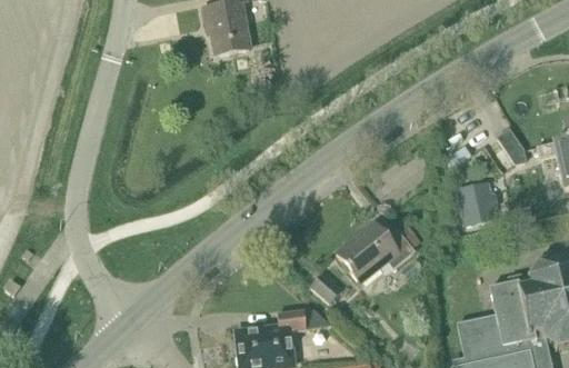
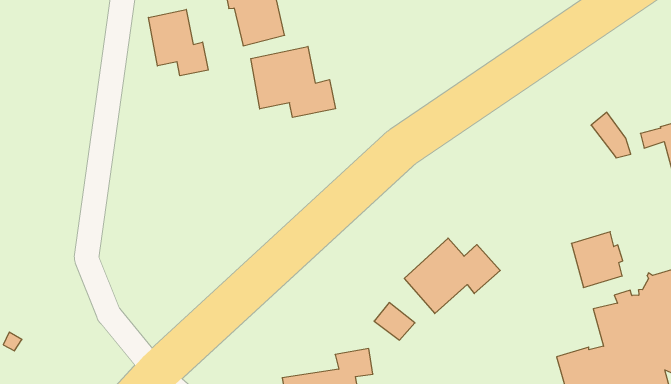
building: none -> [148,9,208,76]
building: none -> [251,46,335,117]
building: [457,181,498,226] -> [571,232,623,288]

